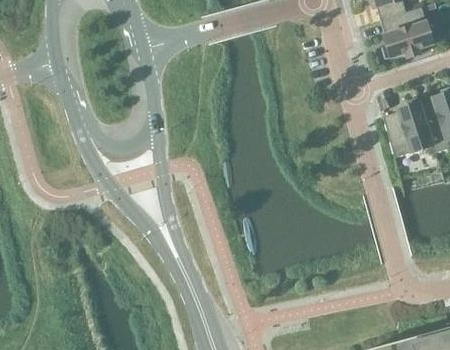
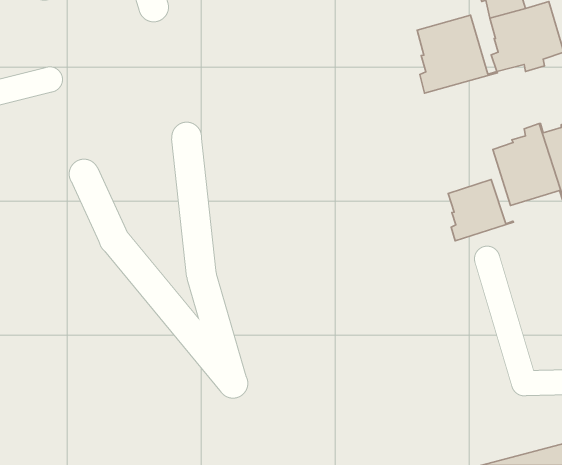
building: none -> [417,15,498,93]
building: none -> [448,180,514,241]

